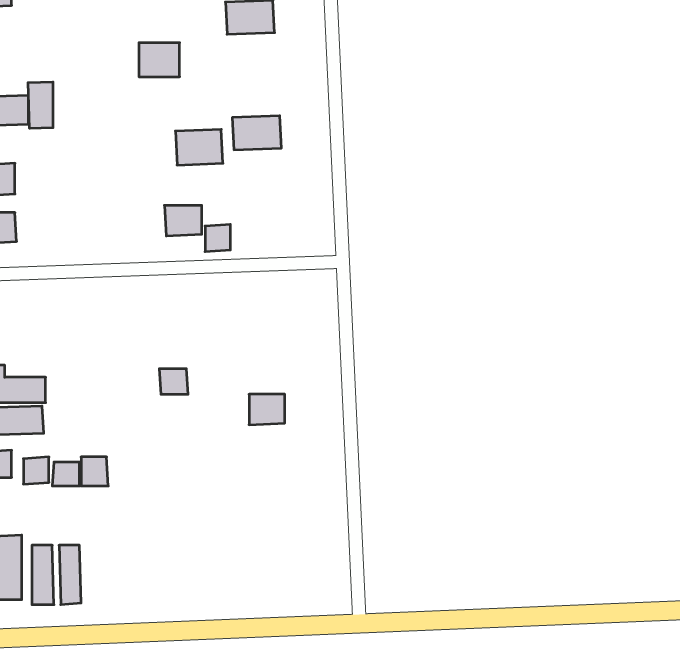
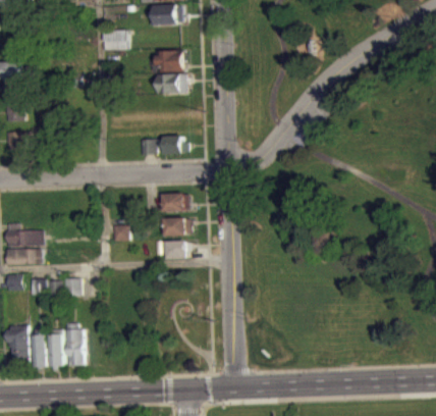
building: [28,82,53,128] -> none
building: [175,129,223,165] -> [153,52,181,73]
building: [164,205,202,236] -> [161,137,183,155]
building: none -> [161,195,187,212]
building: none -> [161,218,184,237]
building: none -> [65,330,84,367]

